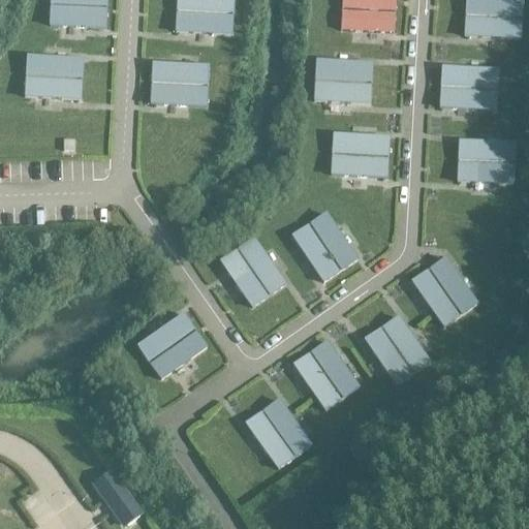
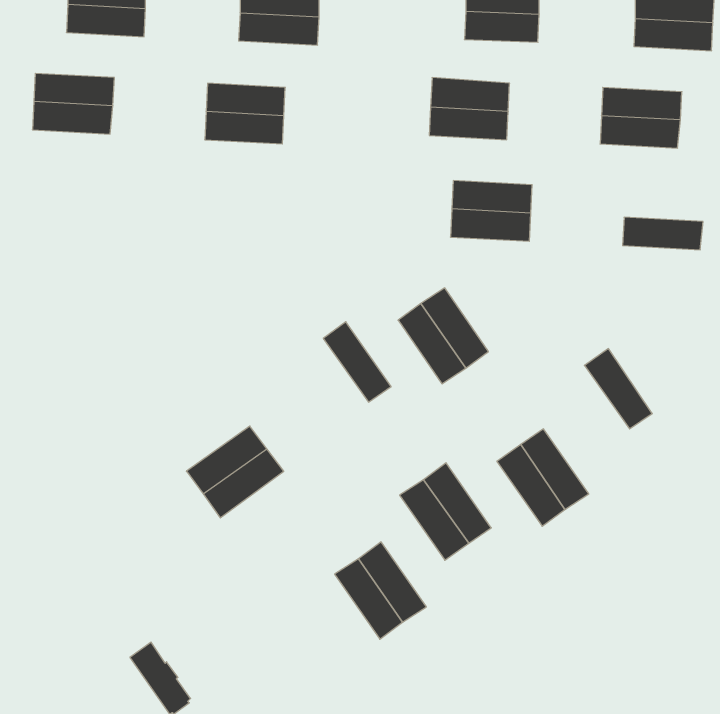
building: [458,138,517,162] -> none
building: [220,248,271,307] -> none
building: [411,268,462,326] -> none

